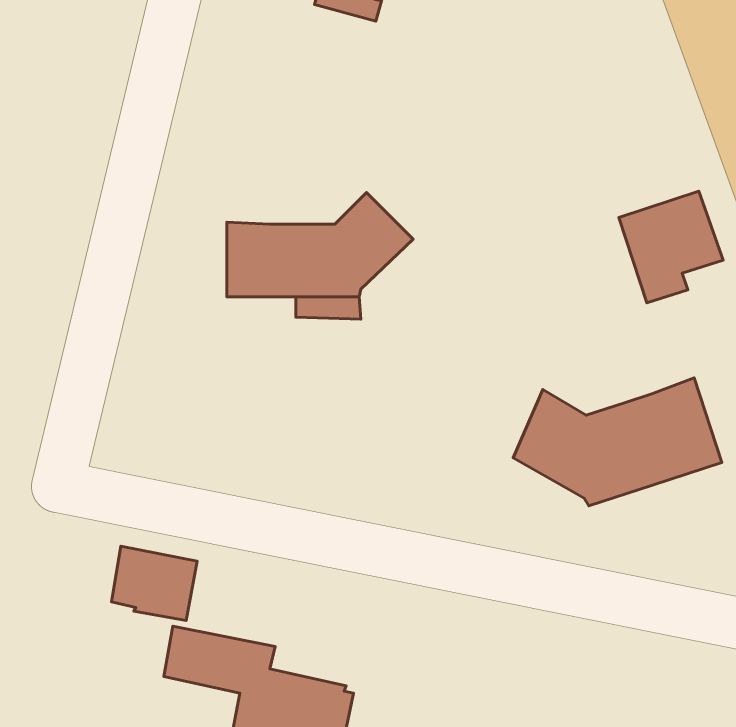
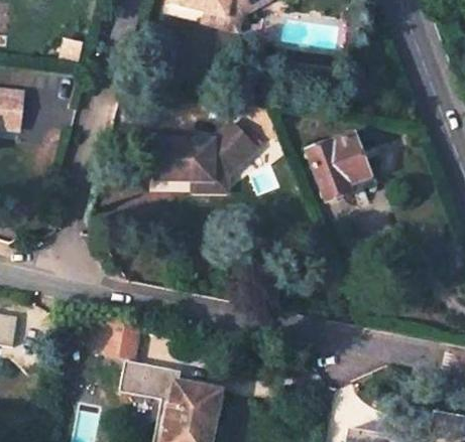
building: [619,191,723,303] -> [308,134,364,194]
building: [513,378,722,506] -> none

